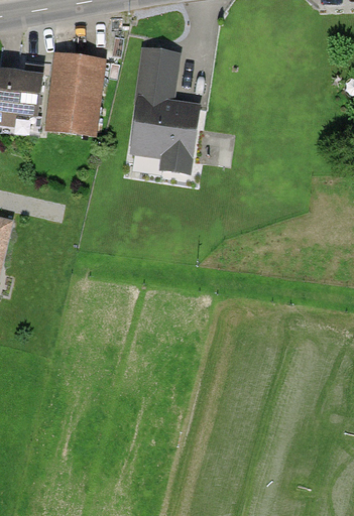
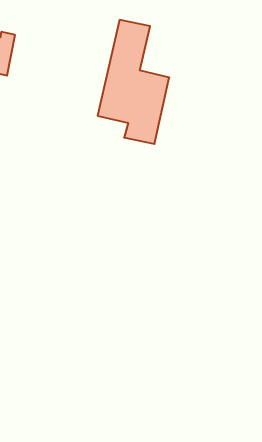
building: [45,54,100,132] -> none

